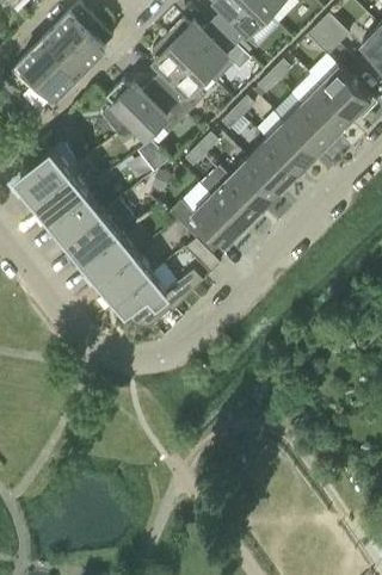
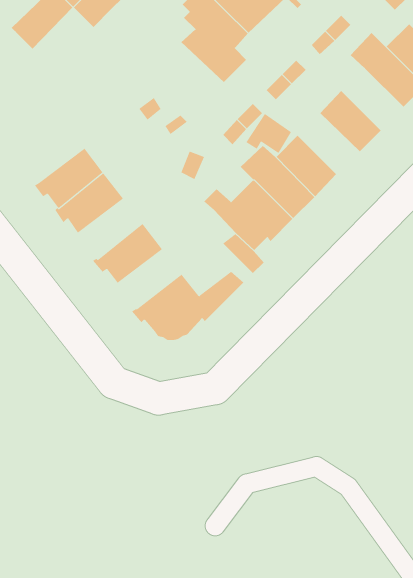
building: [29,55,79,106] -> none
building: [106,82,186,138] -> none
building: [283,105,334,156] -> none
building: [247,142,298,192] -> none
building: [8,143,78,199] -> none
building: [62,212,119,262] -> none
building: [94,254,152,303] -> none

